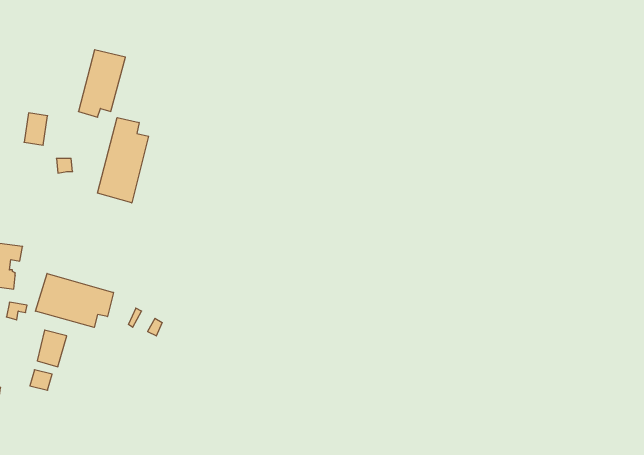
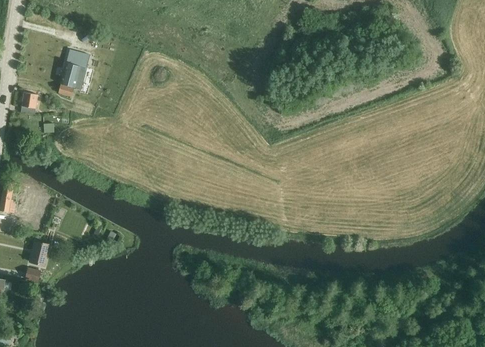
building: [97,118,149,203] -> none
building: [35,273,113,327] -> none

